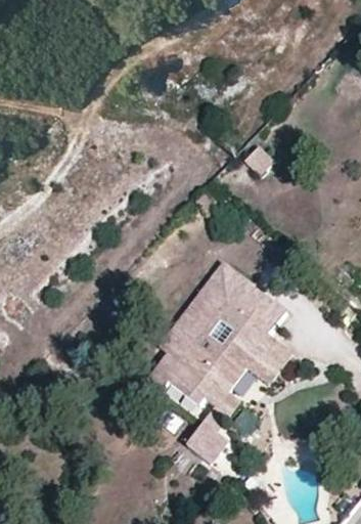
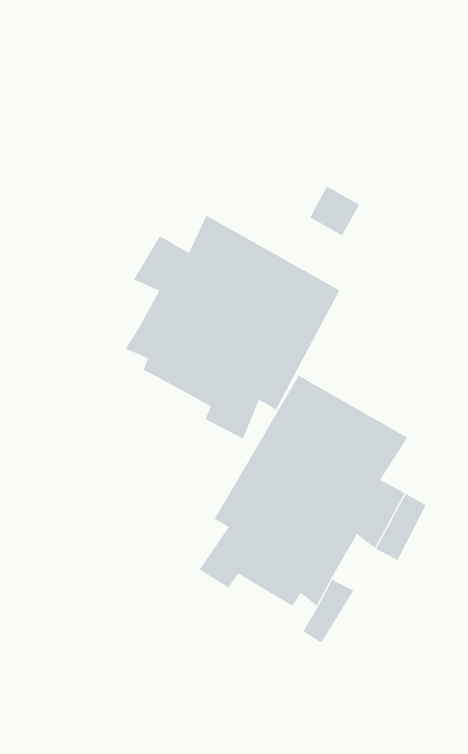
building: none -> [125,215,340,439]
building: [187,422,227,463] -> none

